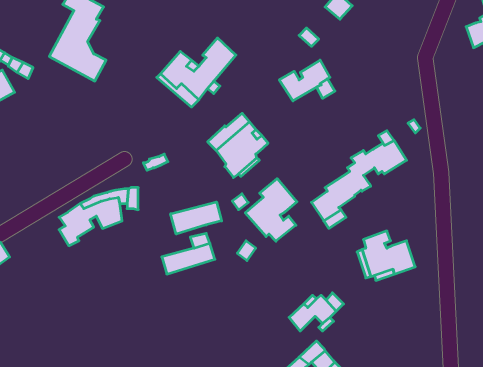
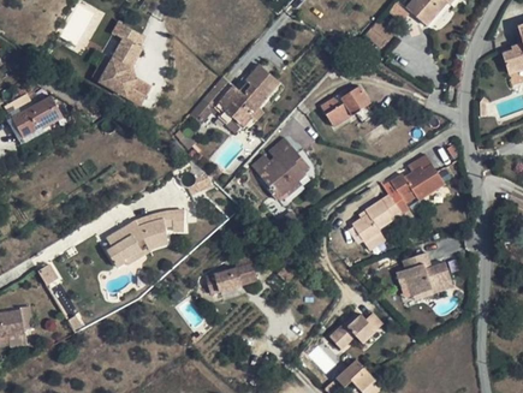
building: [245,179,297,241] -> none
building: [171,202,222,234] -> none

